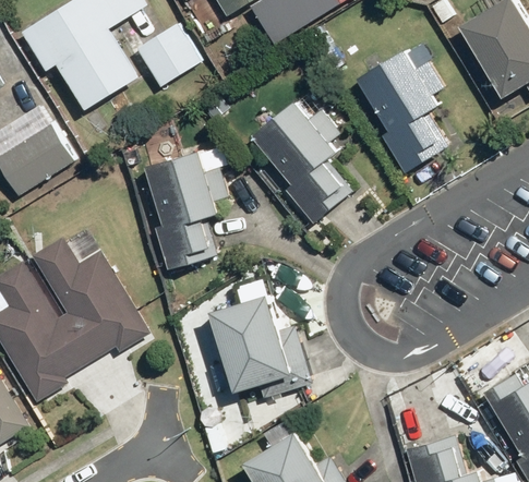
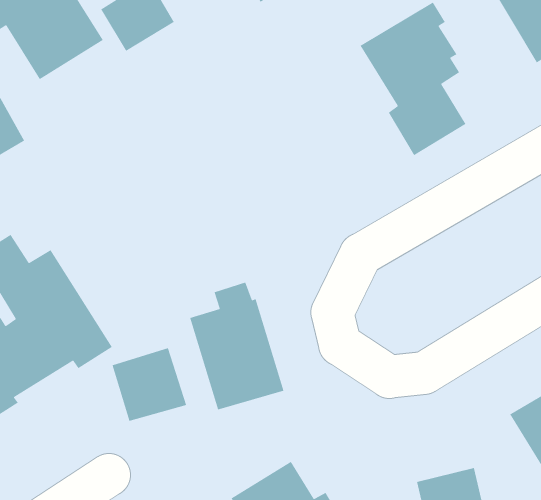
building: [251,100,352,225] -> none
building: [146,145,227,270] -> none
building: none -> [111,347,187,422]

